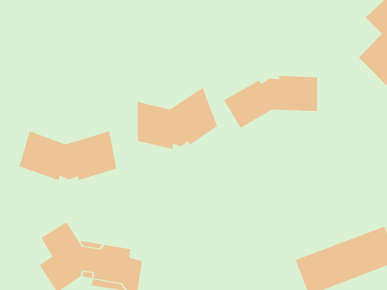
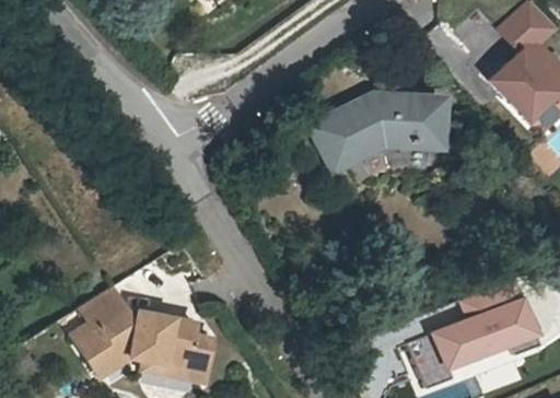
building: [137,87,218,150] -> none
building: [19,131,117,181] -> none

